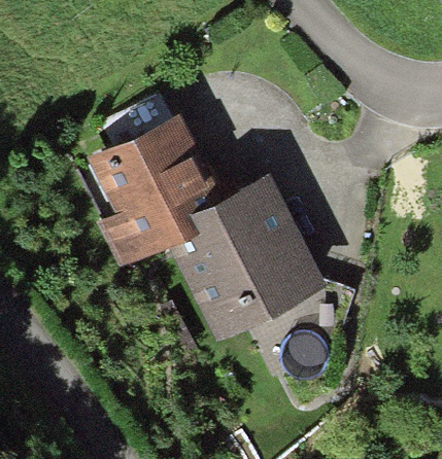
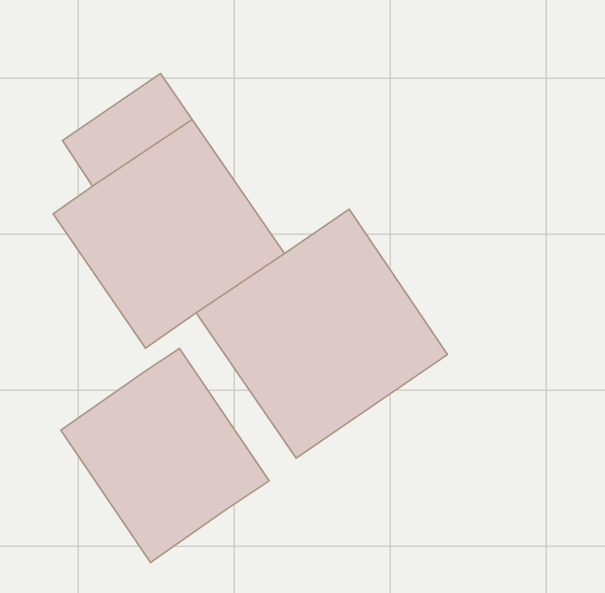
building: none -> [61,348,269,562]

